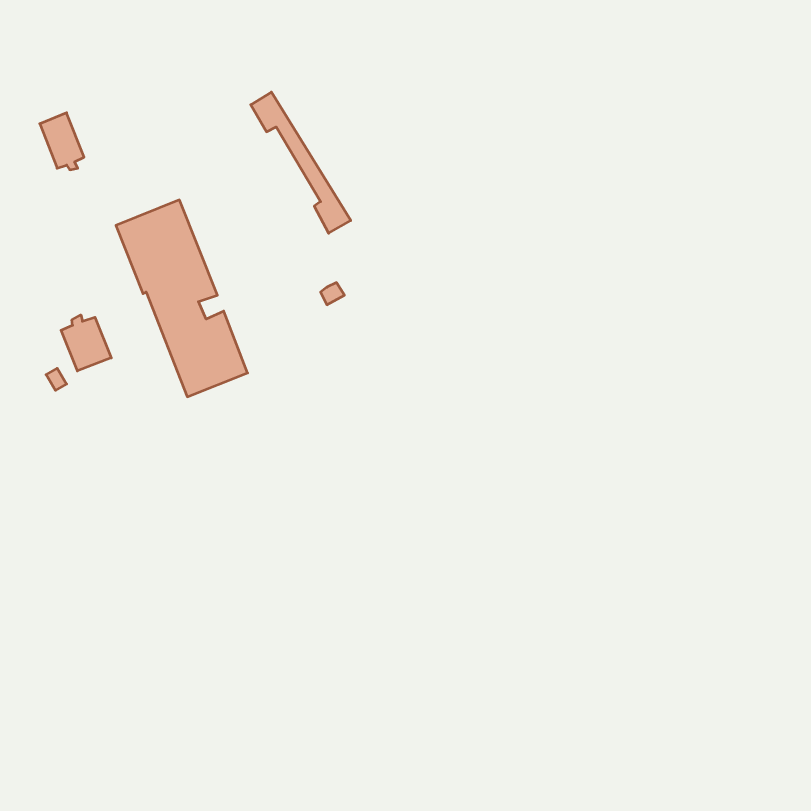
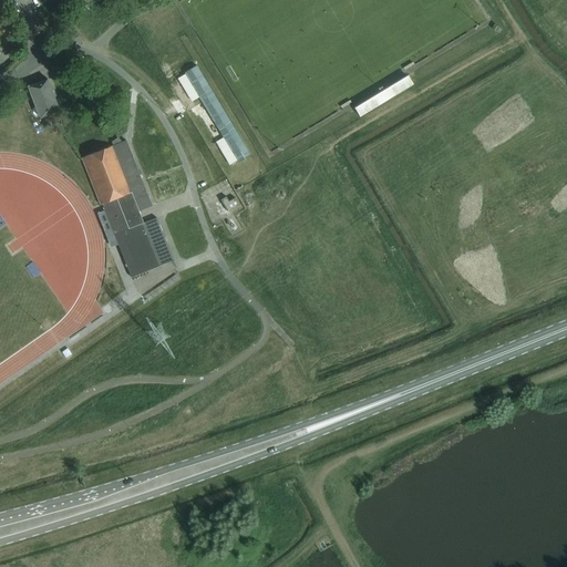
building: [61,315,111,371] -> none

